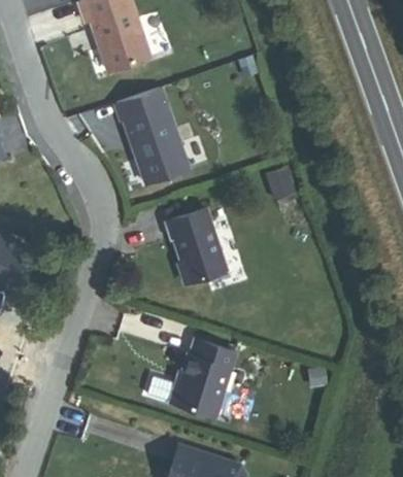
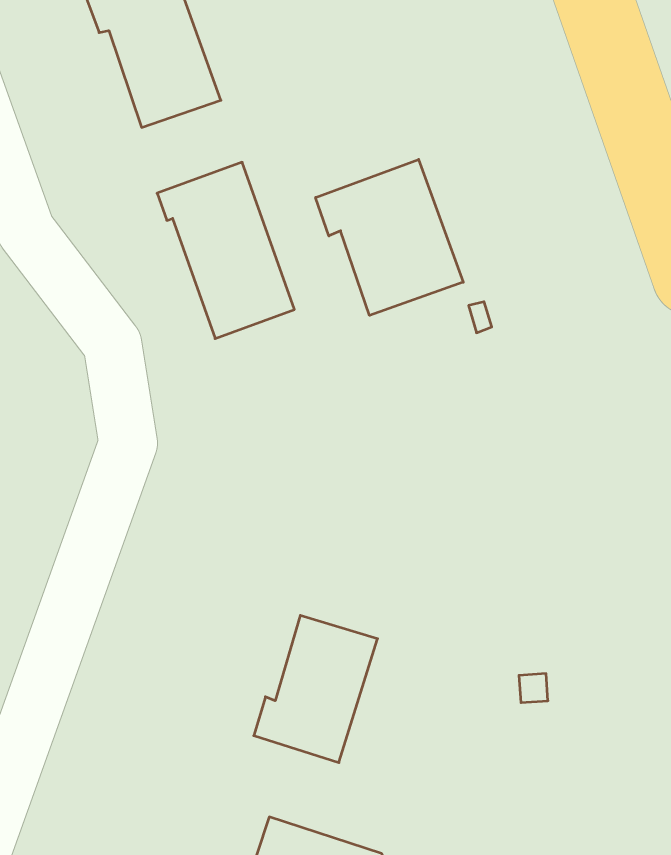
building: none -> [316,159,463,315]
building: [168,214,228,288] -> none

